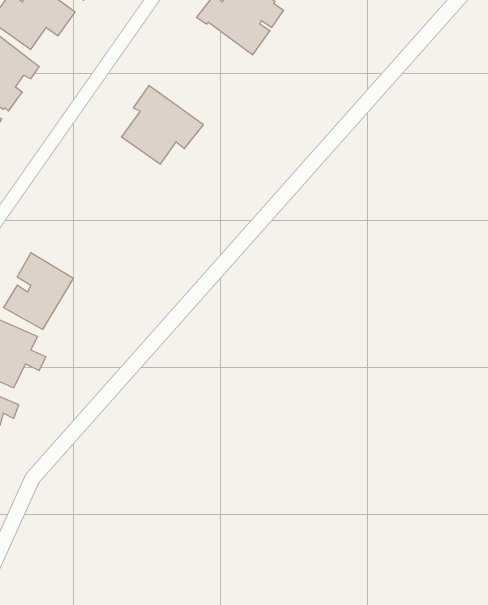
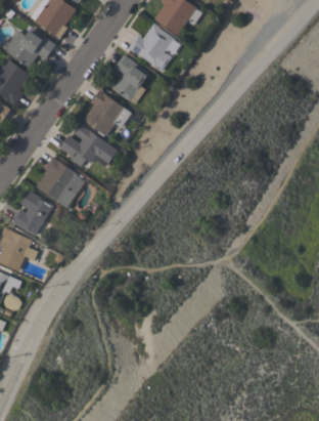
building: none -> [111,54,148,101]
building: none -> [58,124,117,167]
building: none -> [36,158,84,207]

